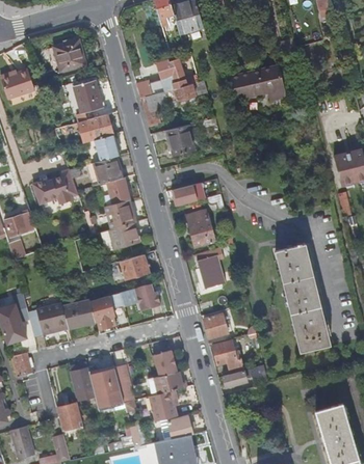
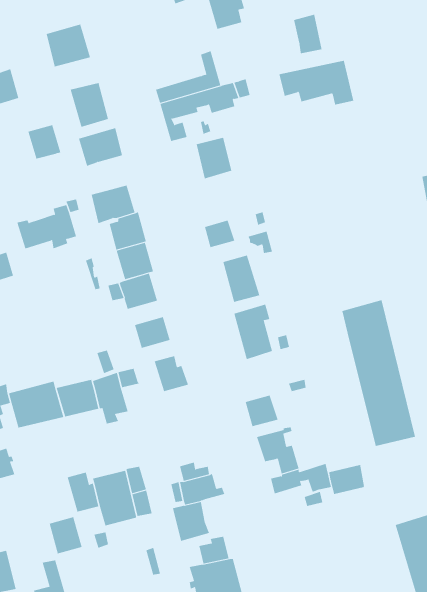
building: none -> [293,14,322,54]
building: [94,135,119,161] -> [28,124,61,159]
building: none -> [328,464,365,495]

